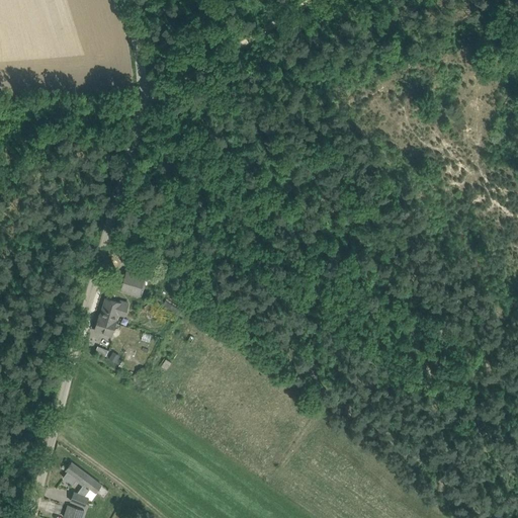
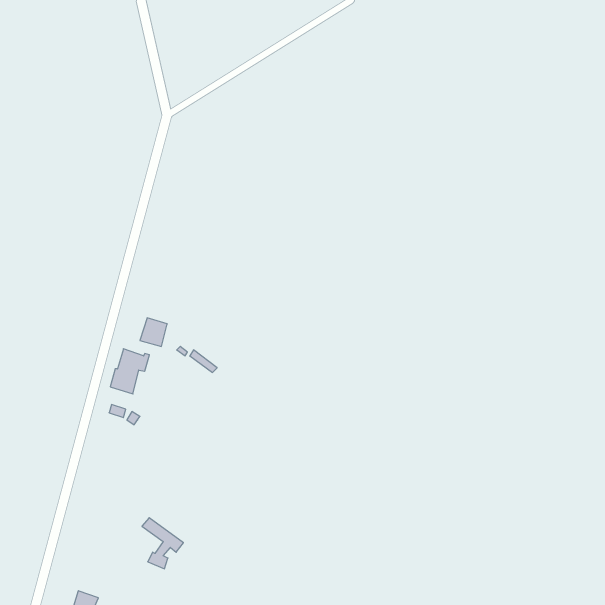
building: [65,463,100,507] -> [142,518,183,569]

